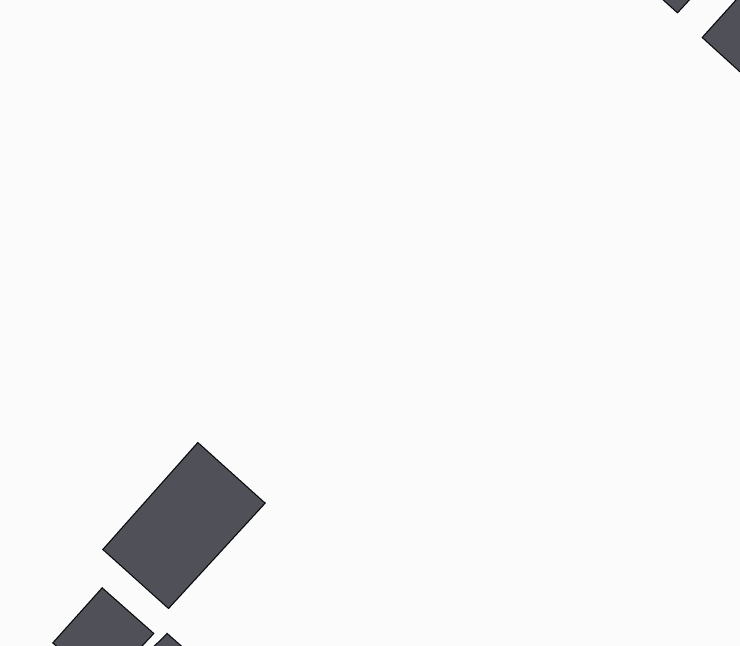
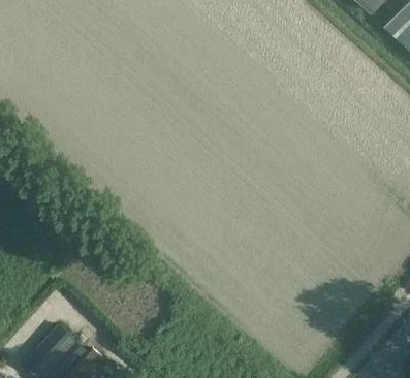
building: [103,443,265,608] -> none

